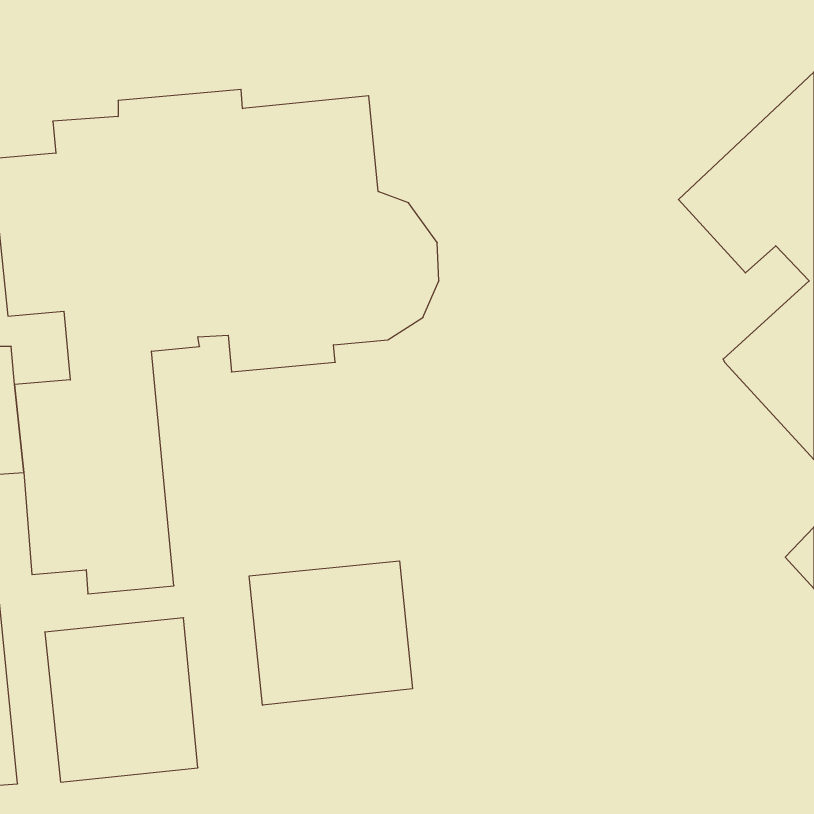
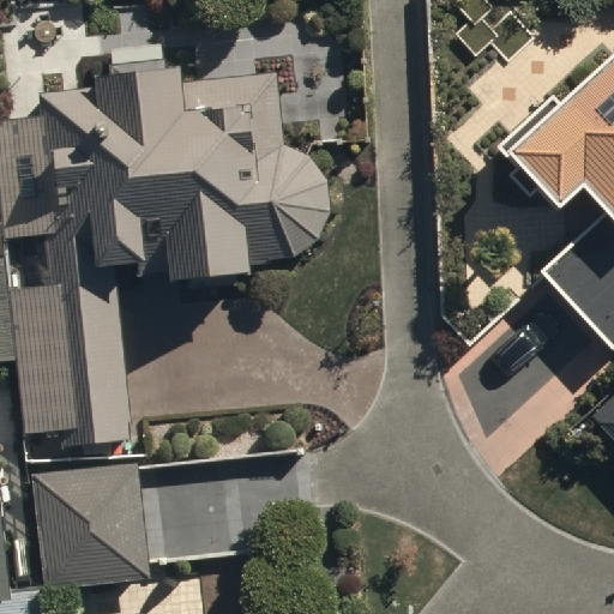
building: [249,561,412,705] -> none

